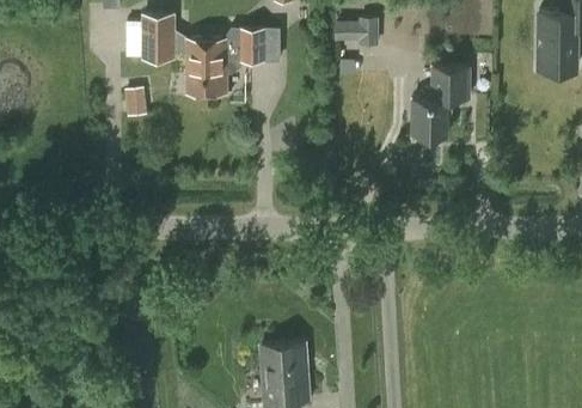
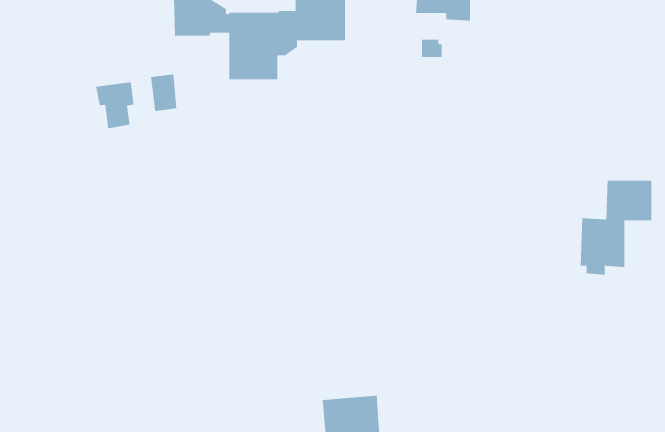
building: [411,67,468,142] -> [580,180,652,275]
building: none -> [96,82,134,129]

